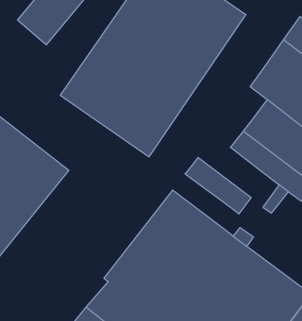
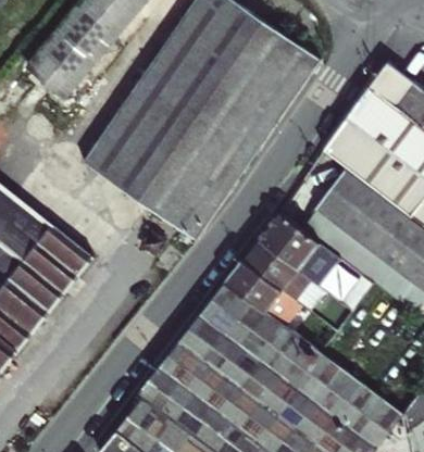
building: none -> [259,212,338,284]
building: none -> [226,260,300,324]

